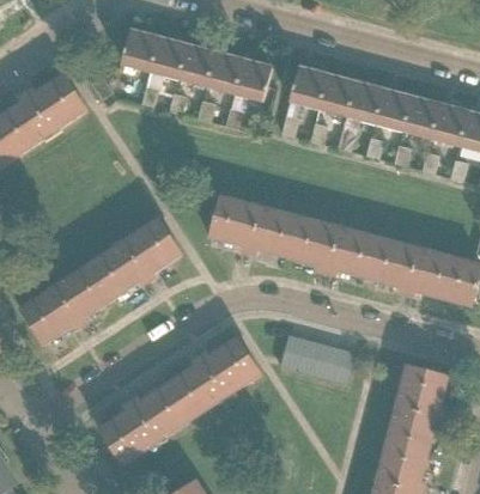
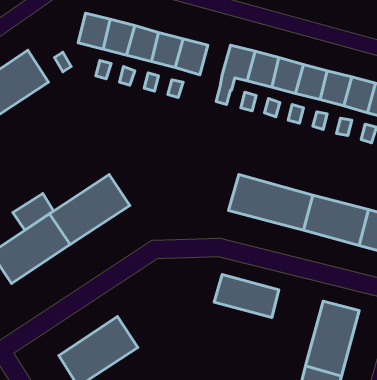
building: [208,195,308,260] -> none
building: none -> [13,194,54,230]
building: [166,337,259,419] -> none

